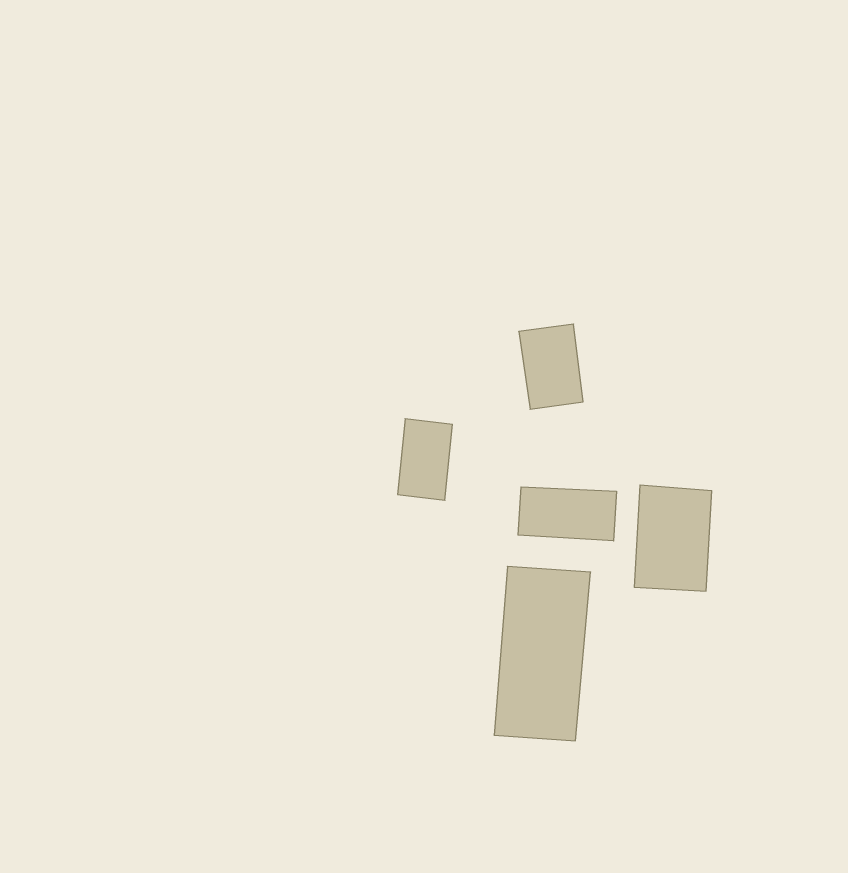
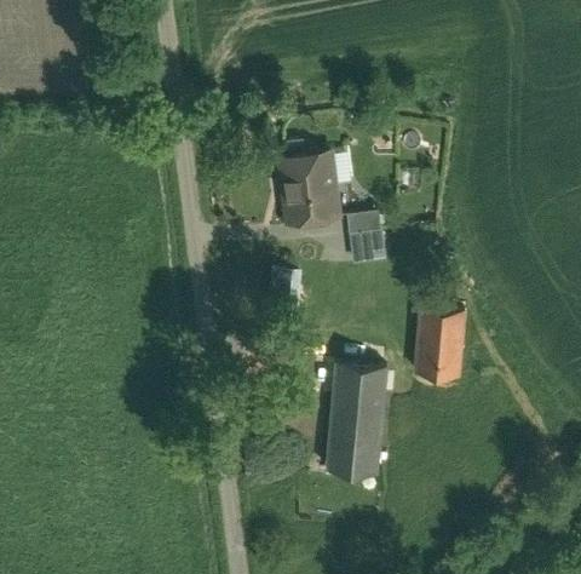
building: none -> [277,150,339,228]
building: [518,487,616,541] -> none

